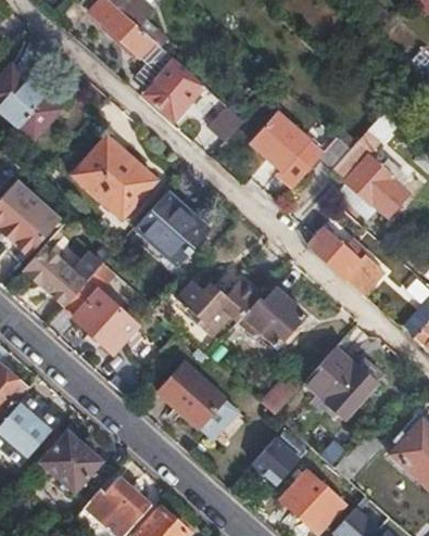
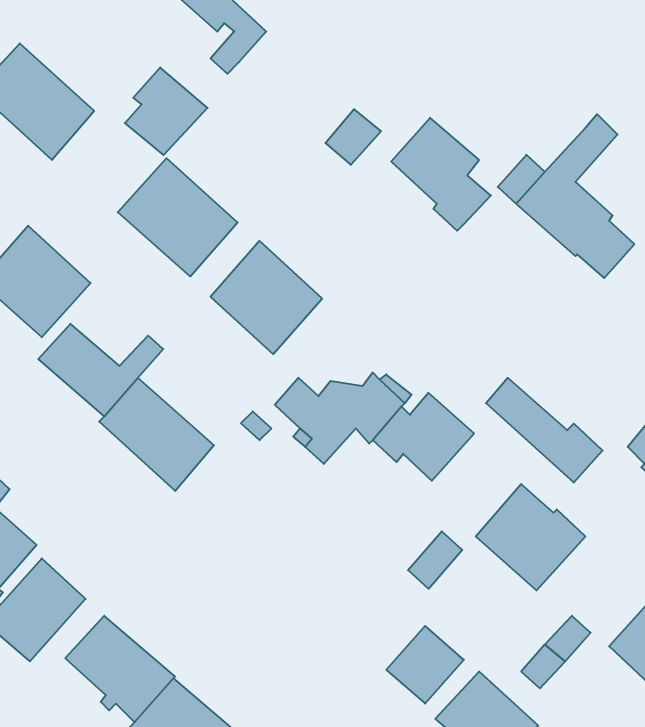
building: [149,58,202,114] -> [125,67,208,155]
building: [308,227,383,294] -> [486,378,603,483]
building: [161,363,237,437] -> none

